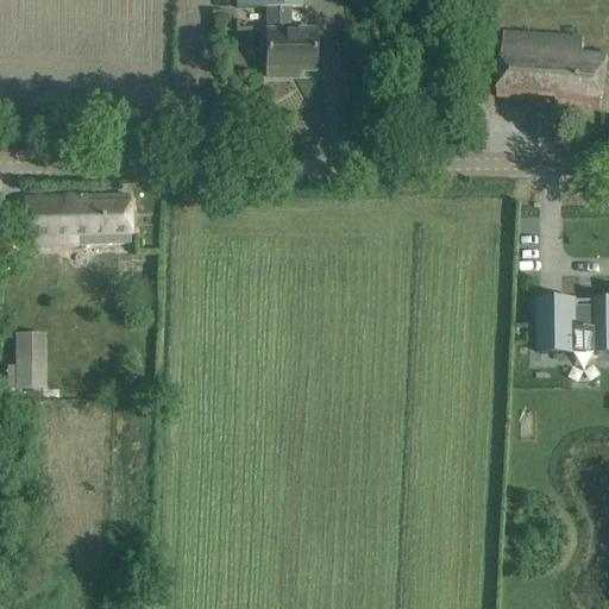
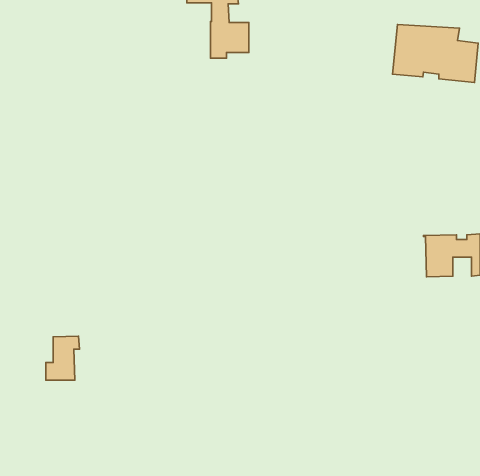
building: [24,192,131,245] -> none
building: [7,327,50,383] -> [46,336,80,380]

